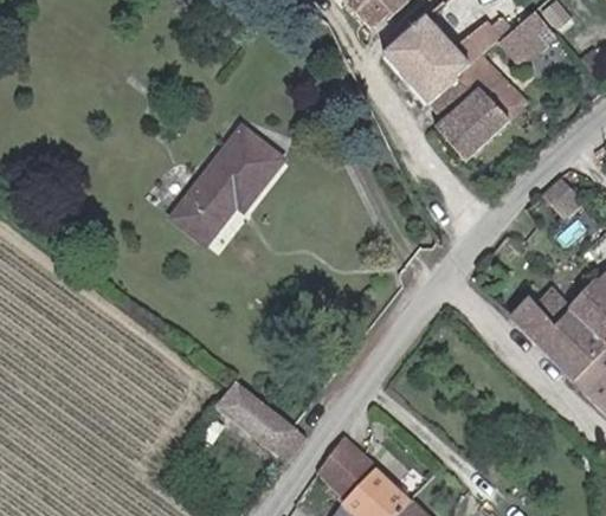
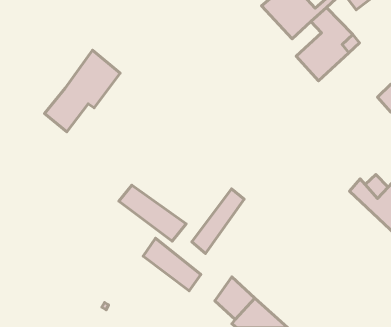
building: [181,114,290,231] -> [45,50,120,132]
building: none -> [119,185,186,241]
building: none -> [192,189,244,253]

